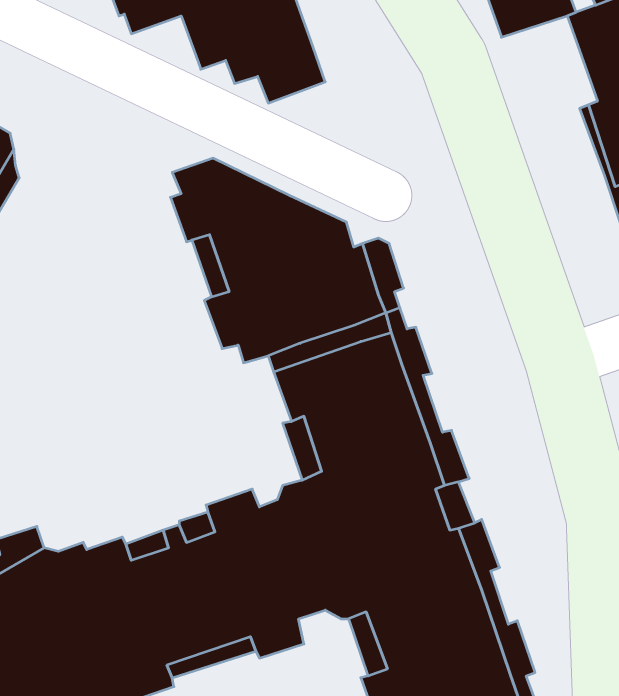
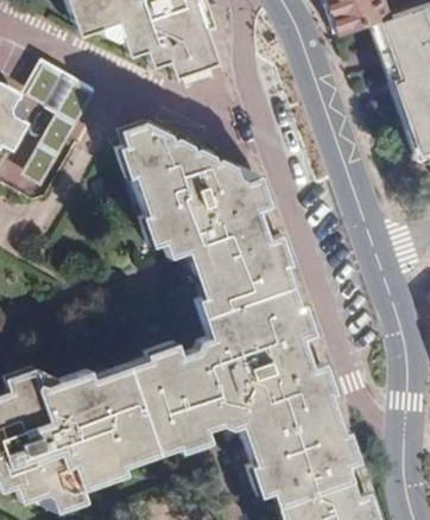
building: none -> [21,64,96,188]

